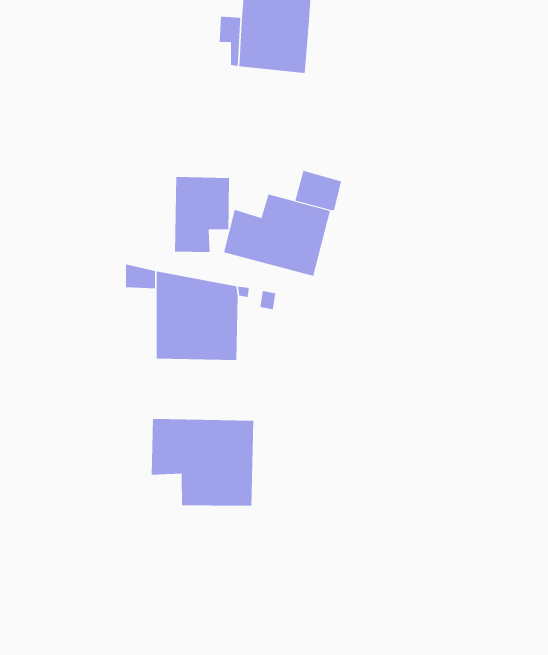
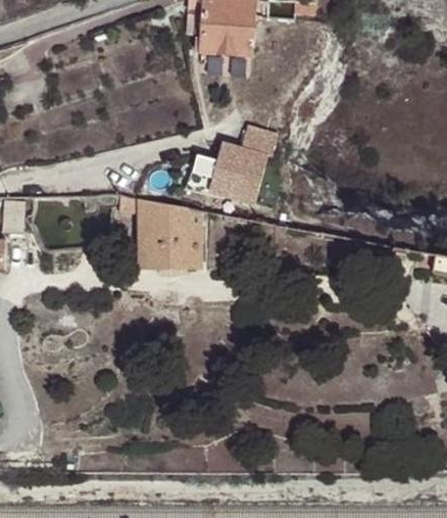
building: [175,176,230,253] -> none
building: [151,418,254,507] -> none

